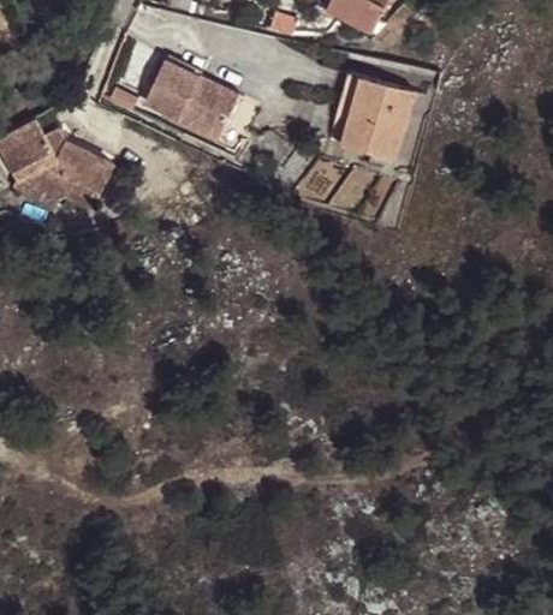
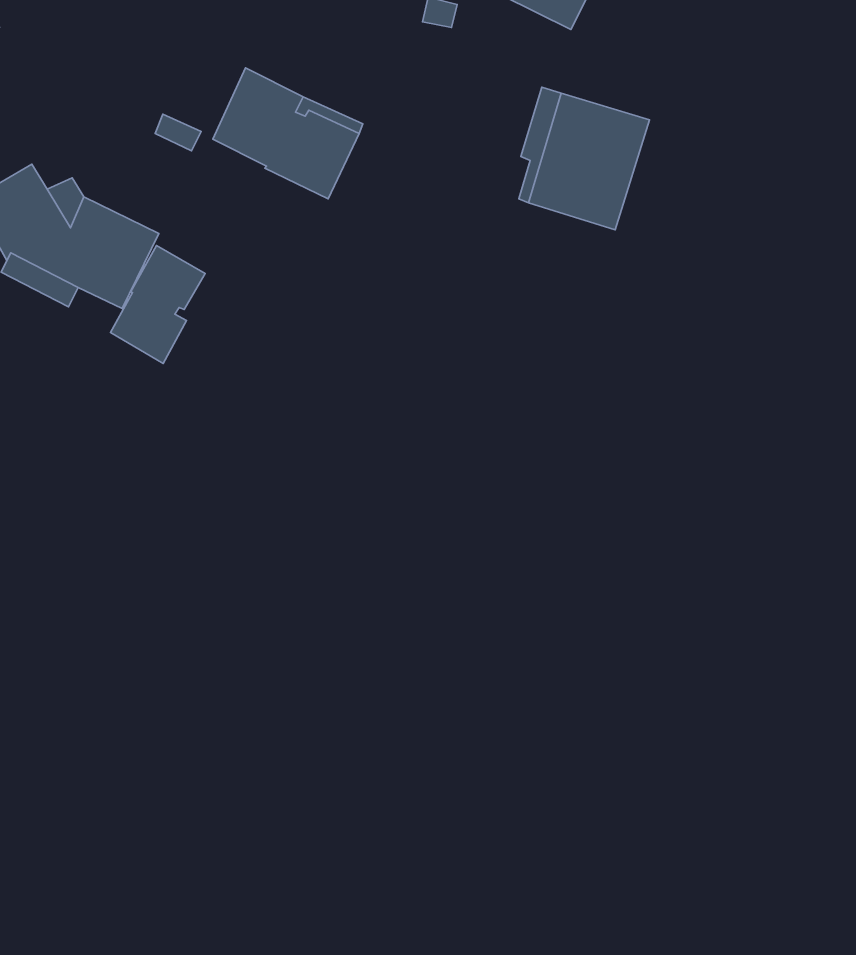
building: none -> [111,245,205,363]

